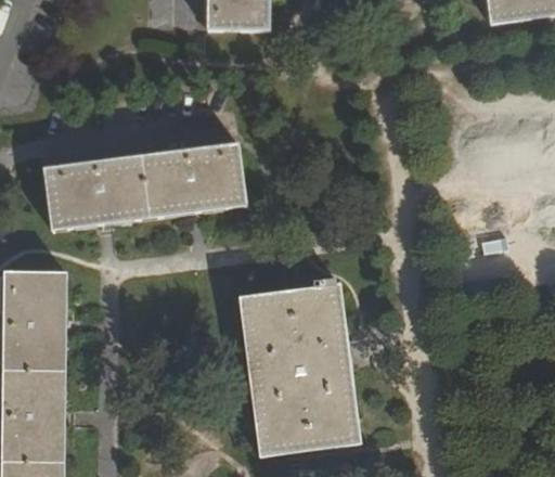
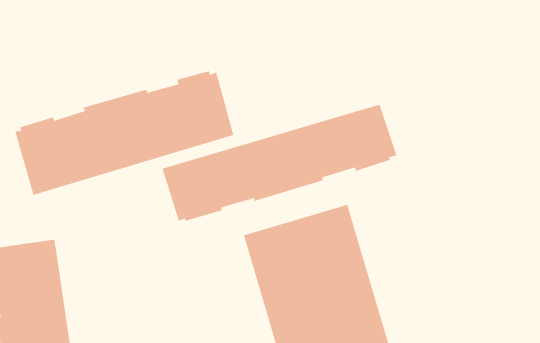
building: none -> [162,104,397,222]

